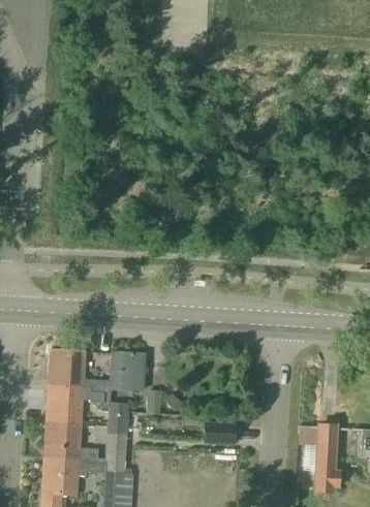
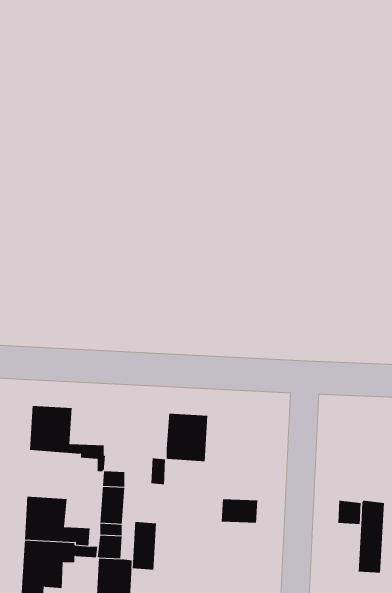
building: [111,352,145,391] -> [166,413,208,462]
building: [48,385,91,424] -> none
building: none -> [132,521,156,570]

